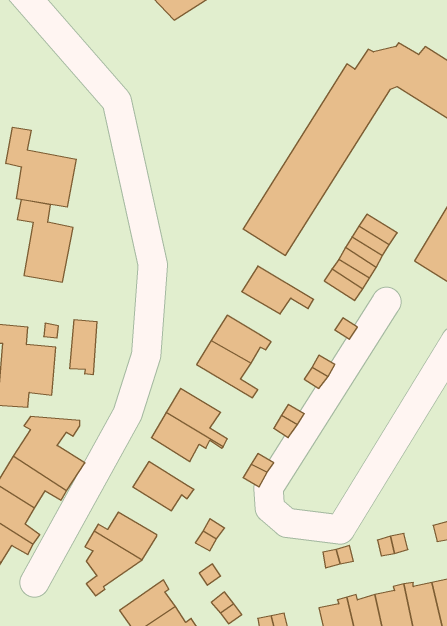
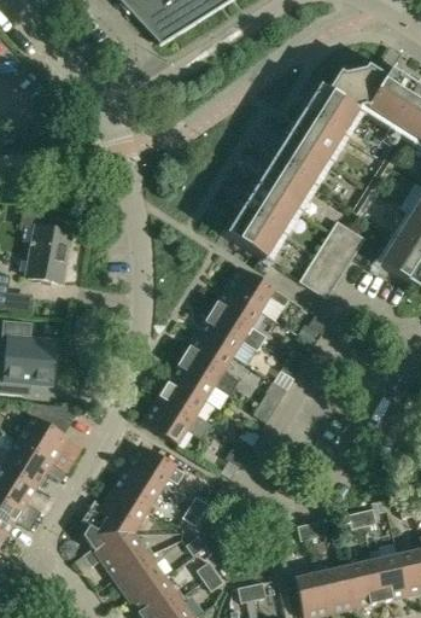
building: [6,127,76,207] -> none
building: none -> [211,291,259,337]
building: [70,320,97,375] -> none
building: none -> [169,357,234,401]
building: none -> [112,468,160,517]
building: none -> [99,535,153,581]

